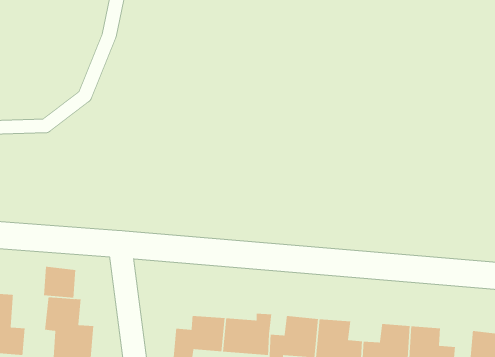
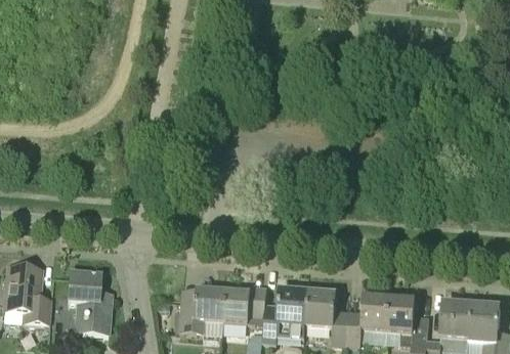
building: [43,266,76,298] -> none

